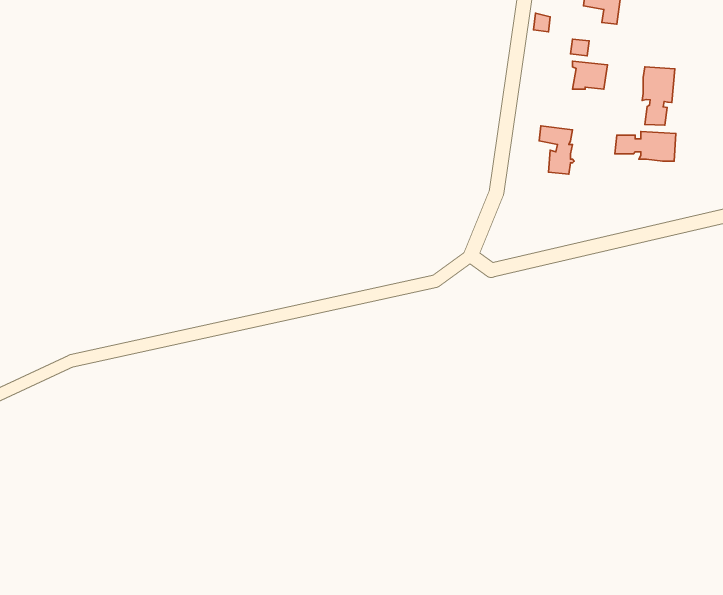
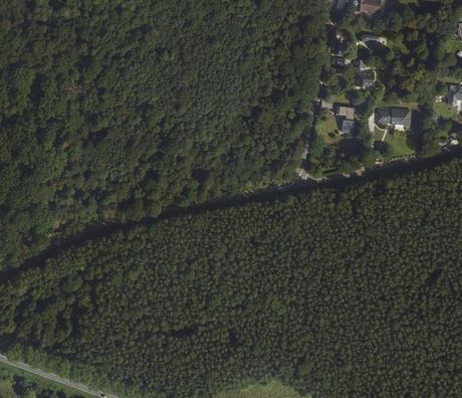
building: [642,67,675,125] -> none

